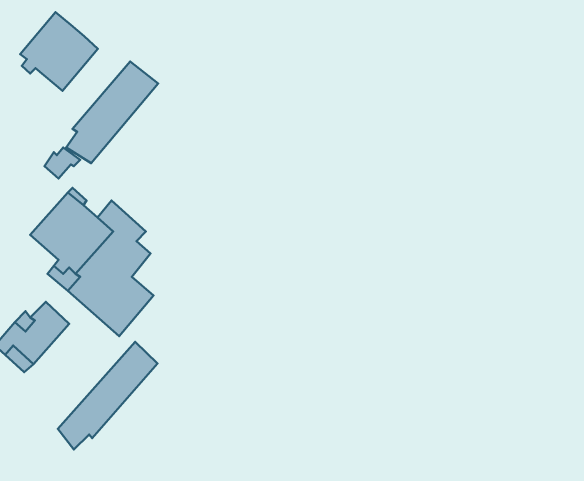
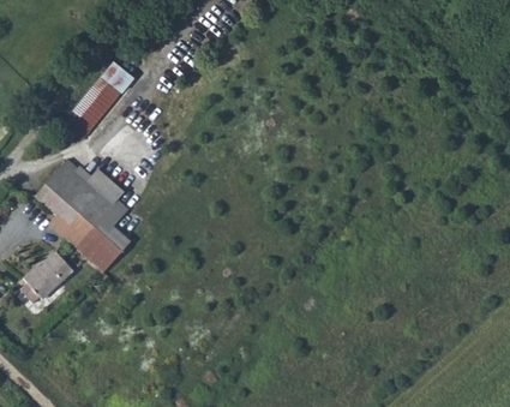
building: [20,12,98,91] -> none
building: [58,342,157,449] -> none

